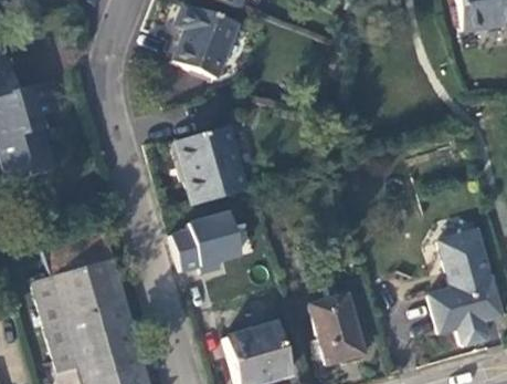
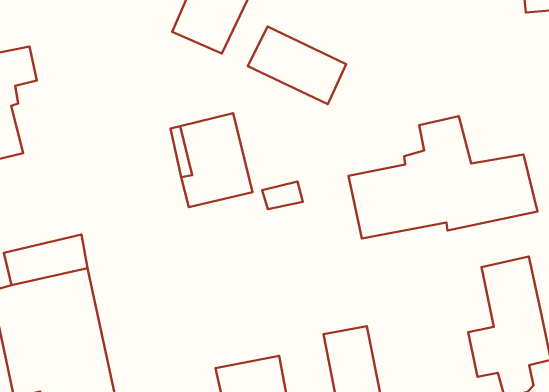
building: none -> [248,27,346,104]
building: none -> [348,116,537,238]
building: [170,210,242,268] -> none

